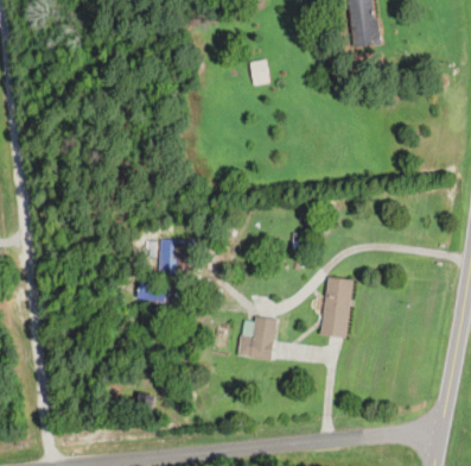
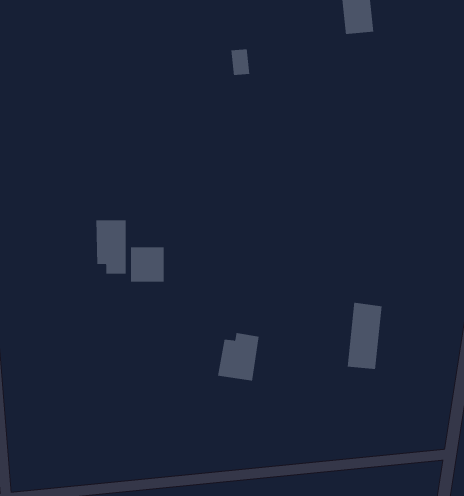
building: none -> [96,219,126,275]
building: [320,277,352,338] -> [347,302,383,369]

